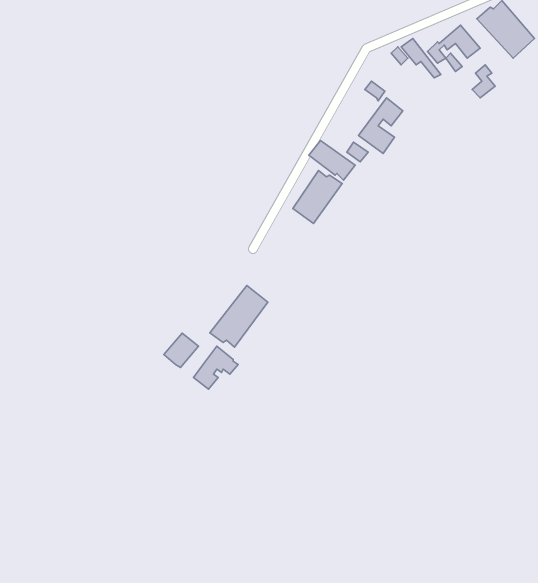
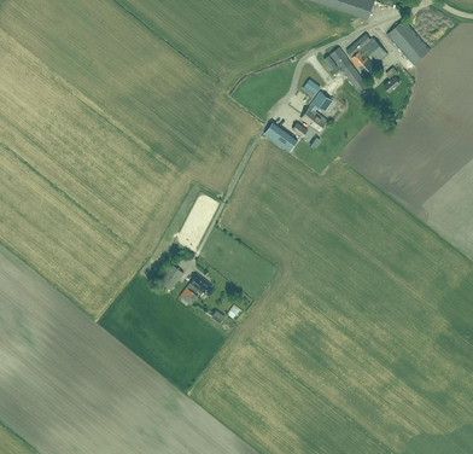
building: [293,171,342,223] -> none
building: [210,286,268,347] -> none

